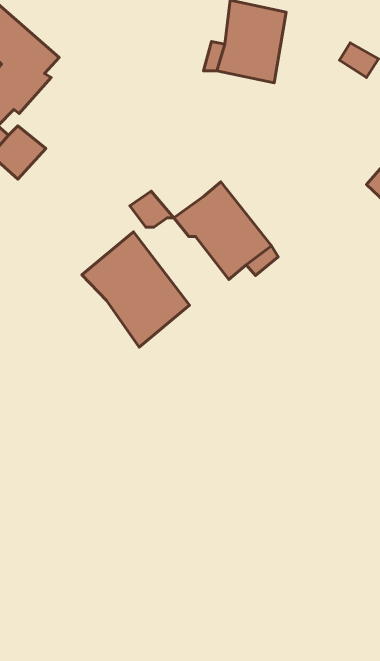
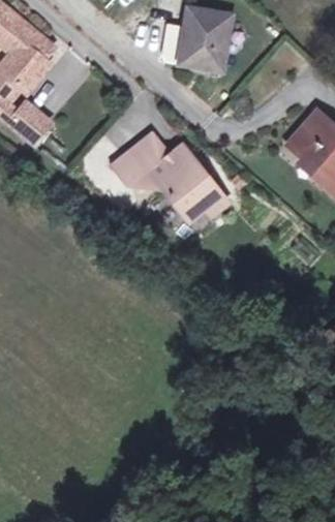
building: none -> [127,132,168,172]
building: [82,232,189,347] -> none

